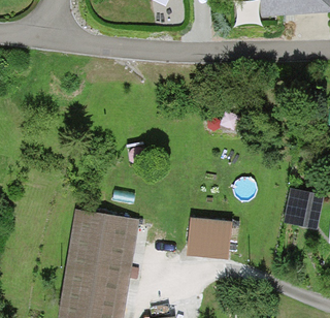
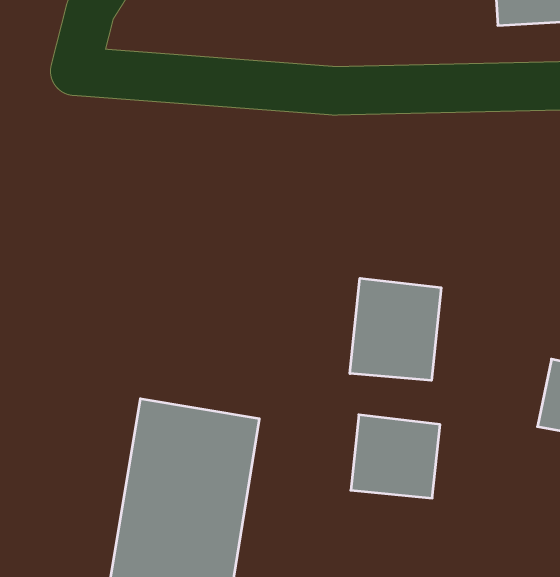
building: none -> [350,278,441,380]

